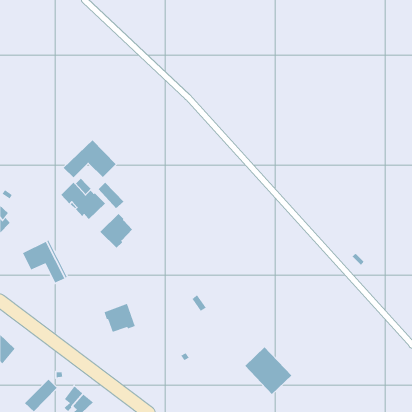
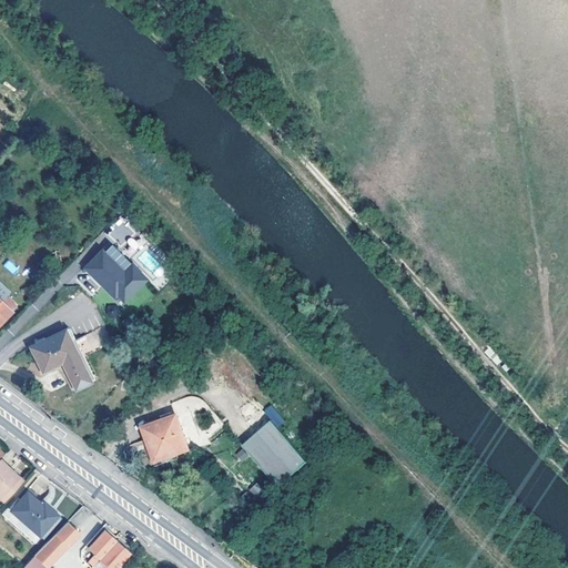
building: [63,139,117,178] -> none
building: [100,213,133,248] -> none
building: [244,346,292,395] -> [240,424,305,490]
building: none -> [9,491,57,536]

